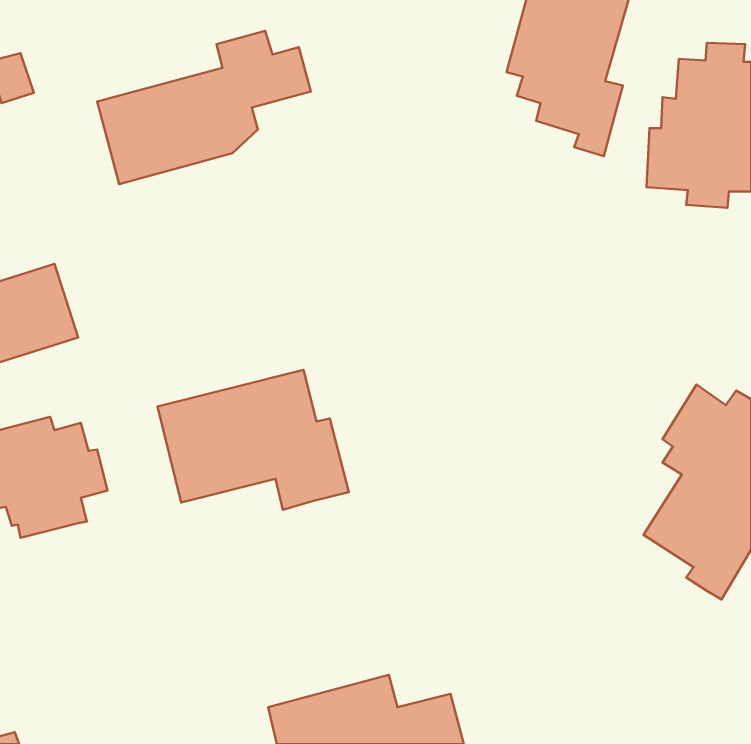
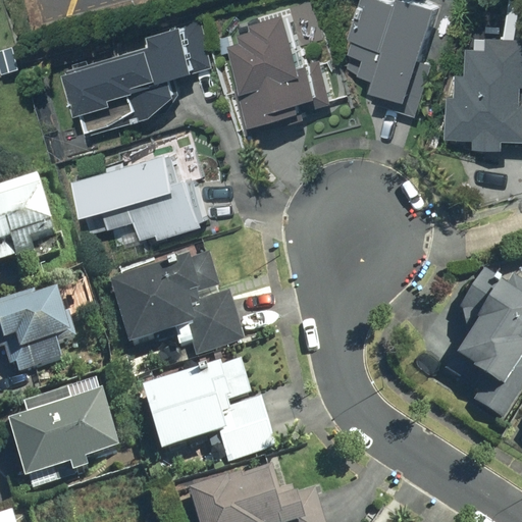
building: none -> [220,9,333,122]
building: none -> [74,149,208,246]
building: none -> [139,362,273,458]
building: none -> [6,383,113,479]

